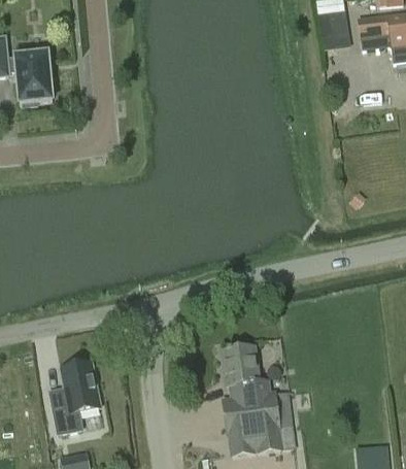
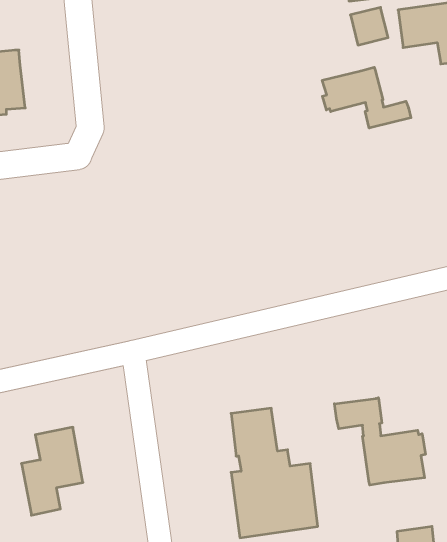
building: none -> [322,67,411,128]
building: none -> [334,398,425,485]

